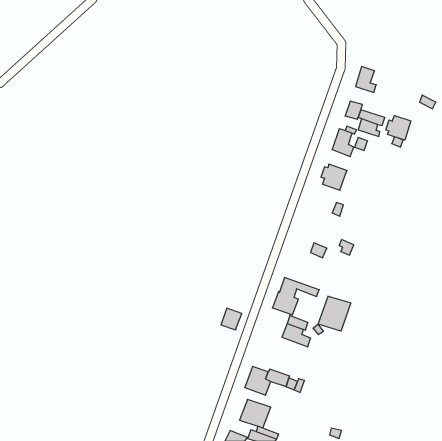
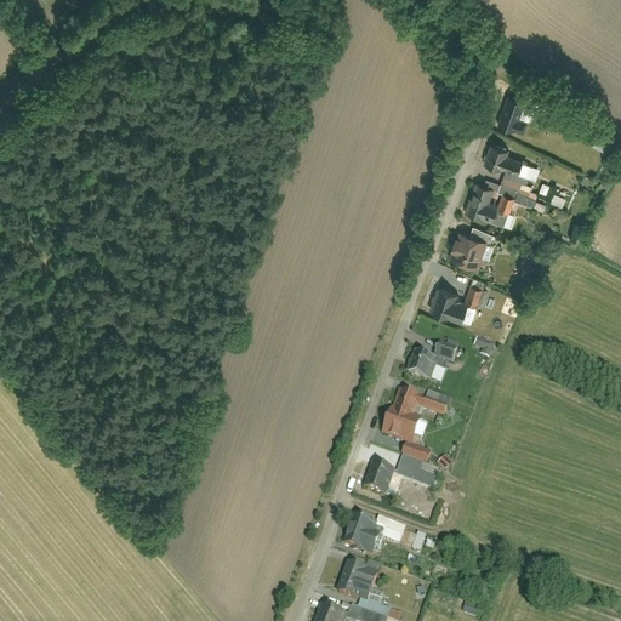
building: [386,116,411,140] -> none
building: none -> [432,284,468,320]
building: none -> [408,349,437,380]
building: [318,296,351,331] -> none
building: [221,308,242,330] -> [365,463,394,494]

